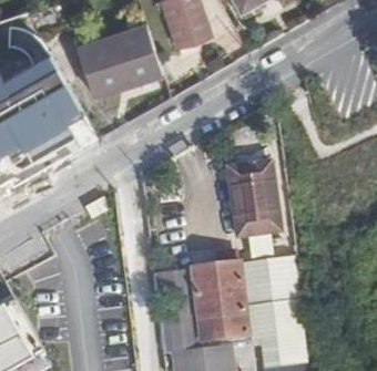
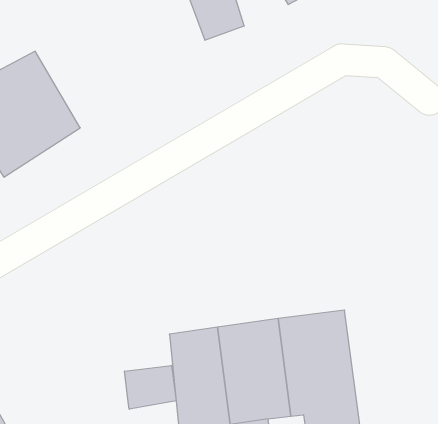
building: [75,22,163,109] -> none
building: [226,161,274,234] -> none
building: none -> [125,365,176,409]

